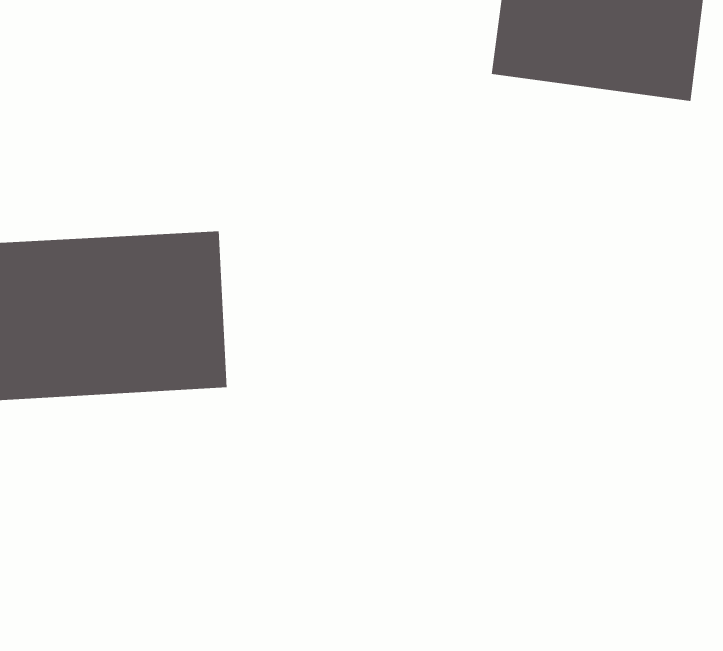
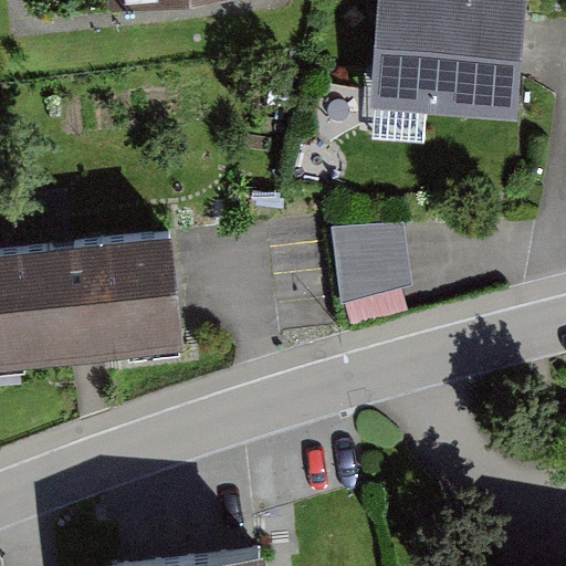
building: none -> [329,220,411,301]

